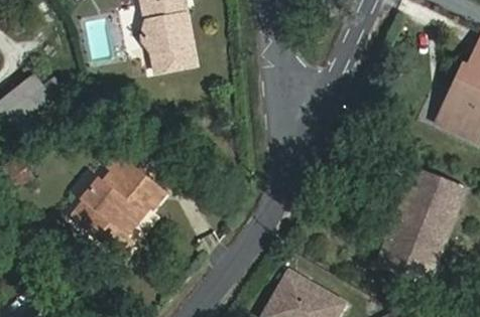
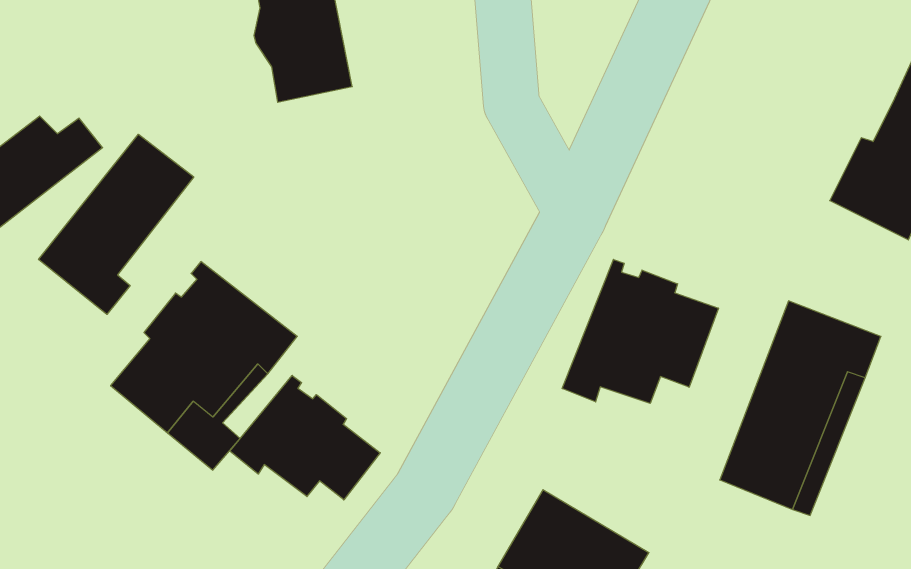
building: none -> [39,134,194,314]
building: none -> [562,259,718,403]
building: none -> [230,375,380,500]

